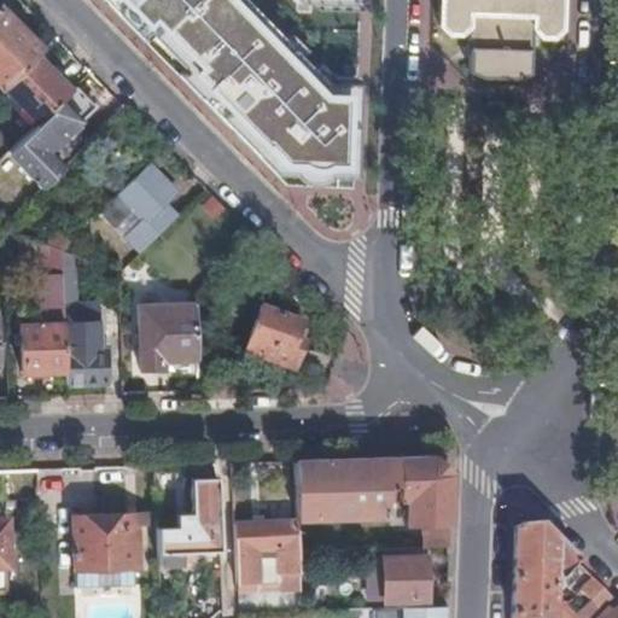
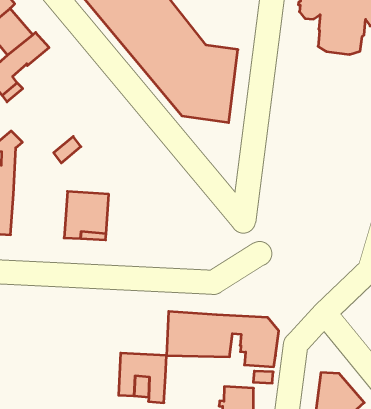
building: [103,163,179,226] -> none
building: [247,302,307,366] -> none
building: [68,315,109,383] -> none
building: [159,478,223,564] -> none
building: [77,513,142,569] -> none

